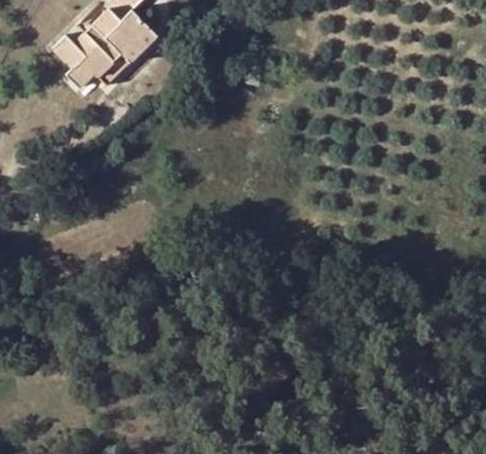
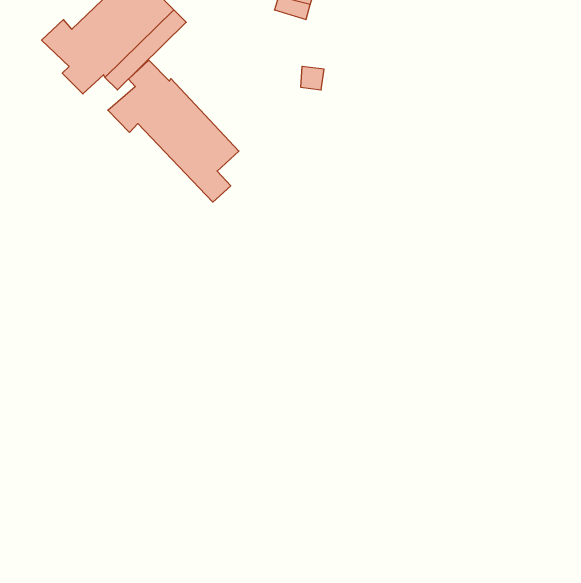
building: none -> [108,60,239,202]

